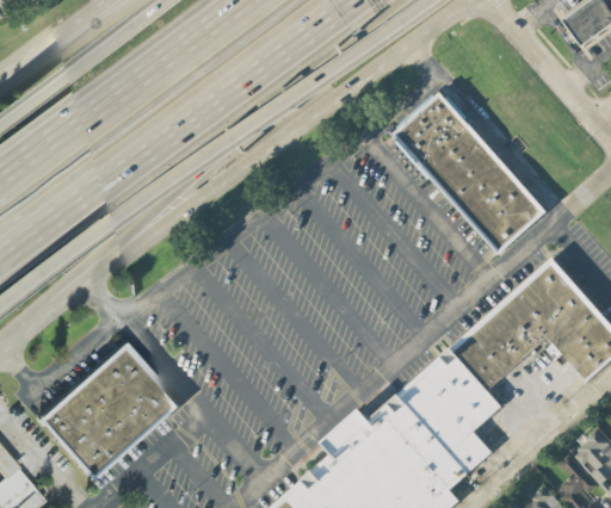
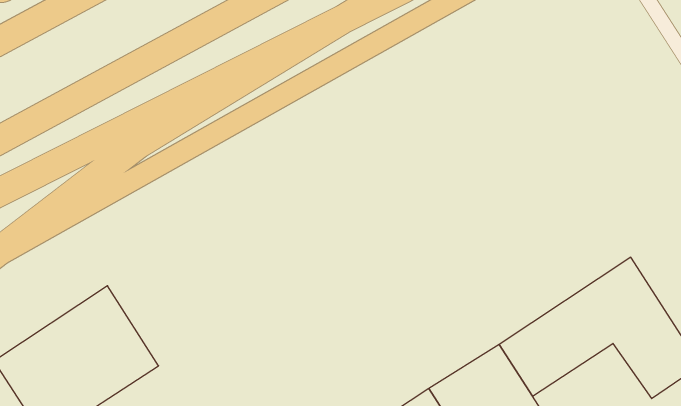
building: [393,92,548,255] -> none

